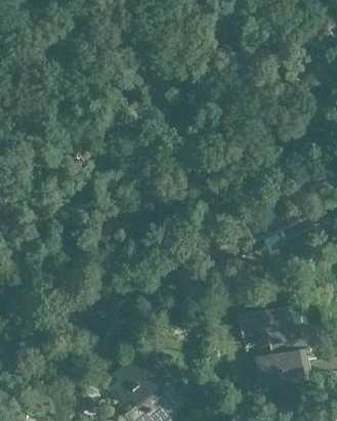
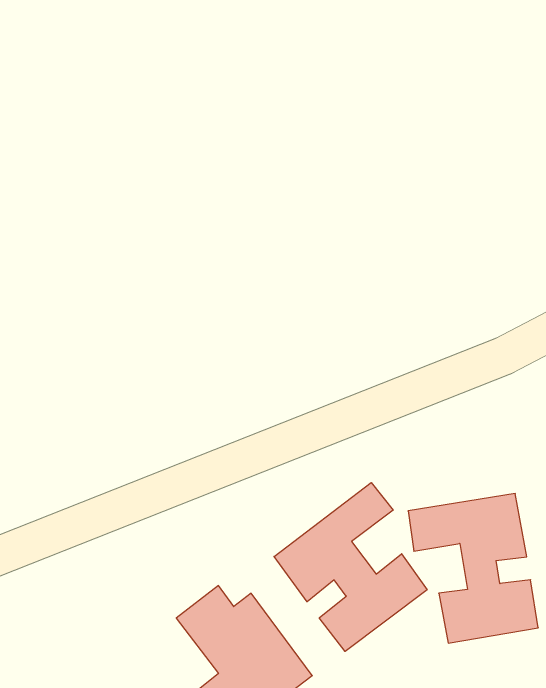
building: none -> [274,483,427,651]

